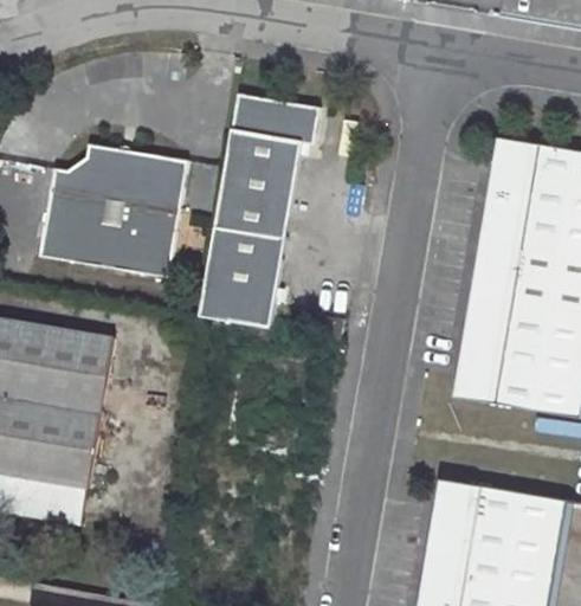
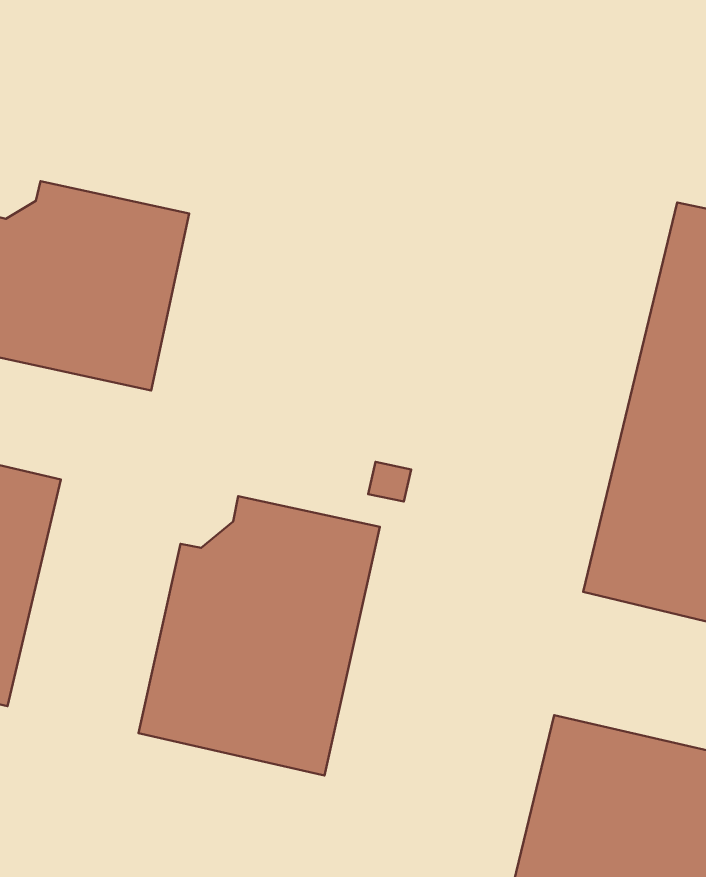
building: [199,96,316,329] -> none
building: none -> [138,496,380,776]

